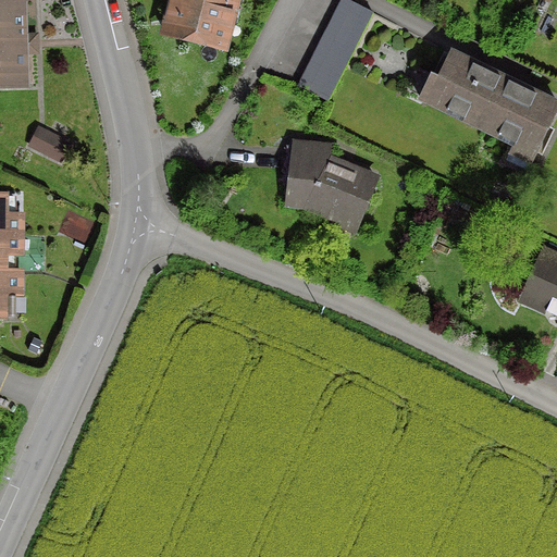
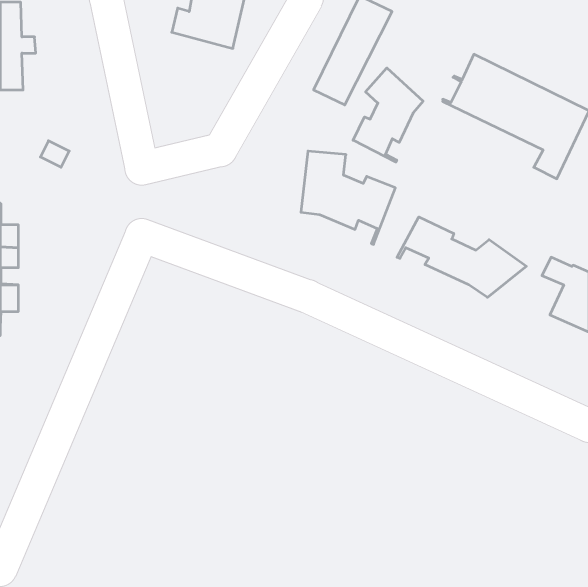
building: none -> [353,68,423,162]
building: none -> [397,217,526,297]

